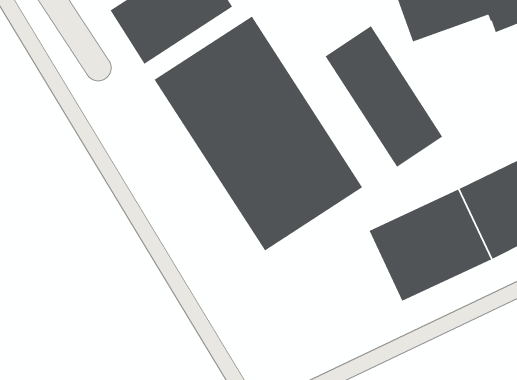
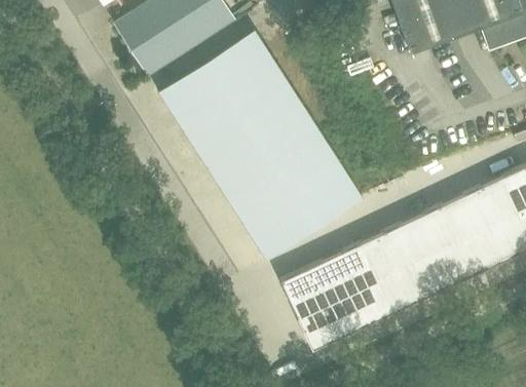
building: [325,25,443,168] -> none
building: none -> [279,239,401,350]

